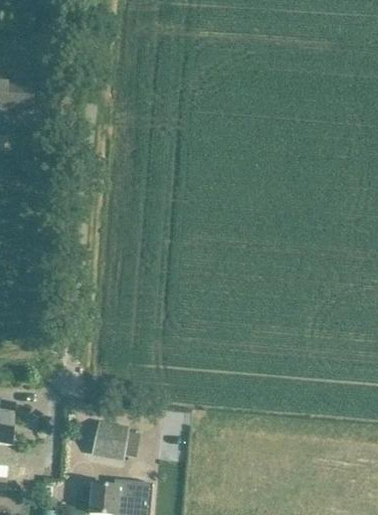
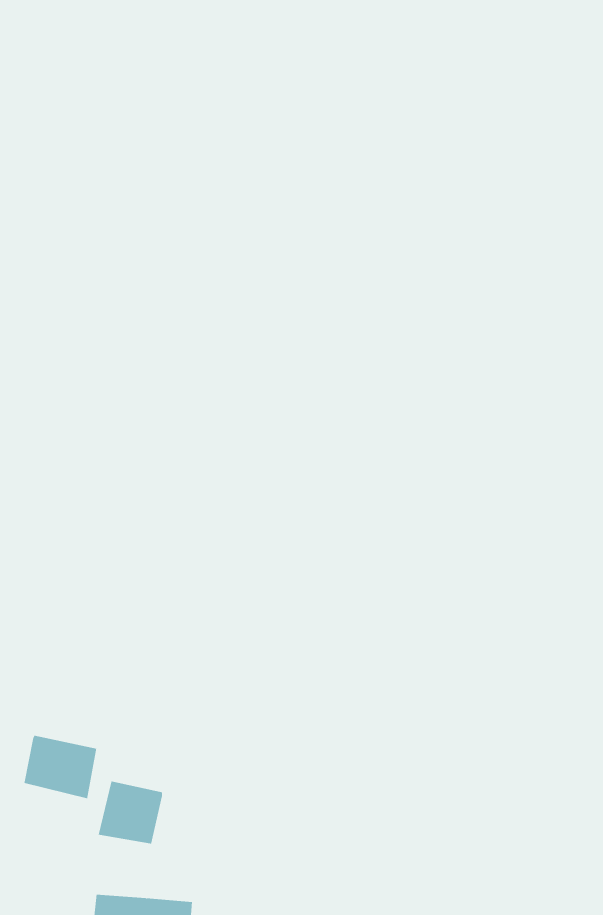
building: none -> [24,735,97,799]

